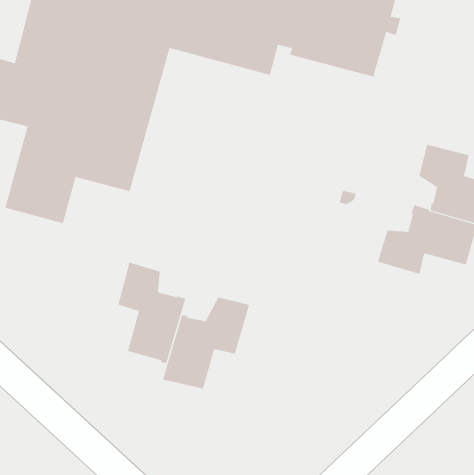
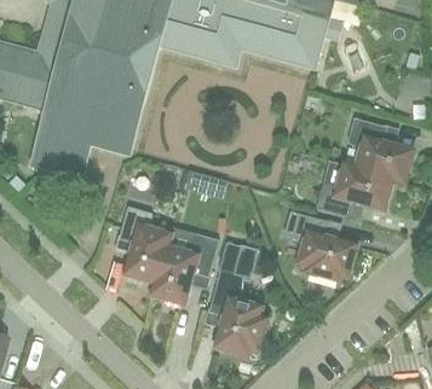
building: none -> [283,210,356,279]
building: none -> [209,240,266,356]

